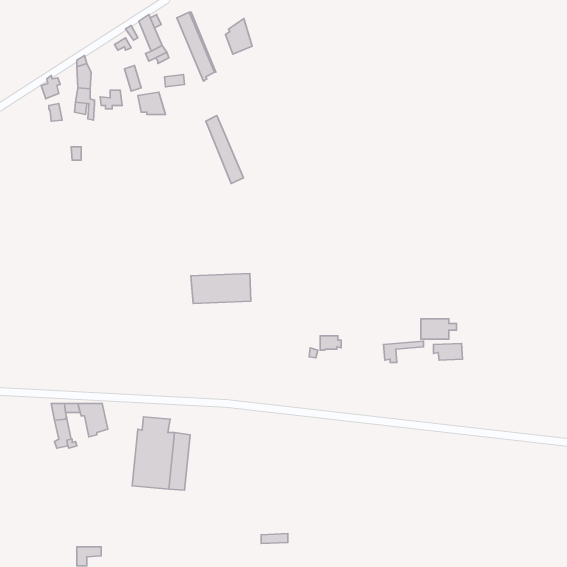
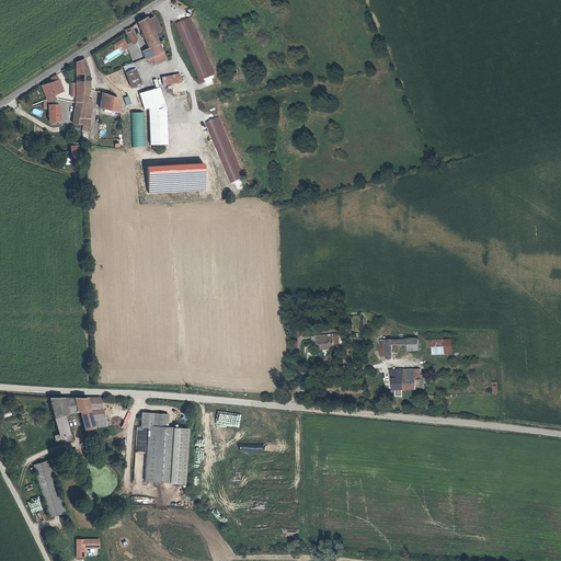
building: [225,19,252,54] -> none
building: none -> [145,114,164,148]
building: [191,273,251,303] -> [148,164,207,194]
building: [421,319,457,339] -> [393,369,428,389]
building: none -> [34,461,66,517]

